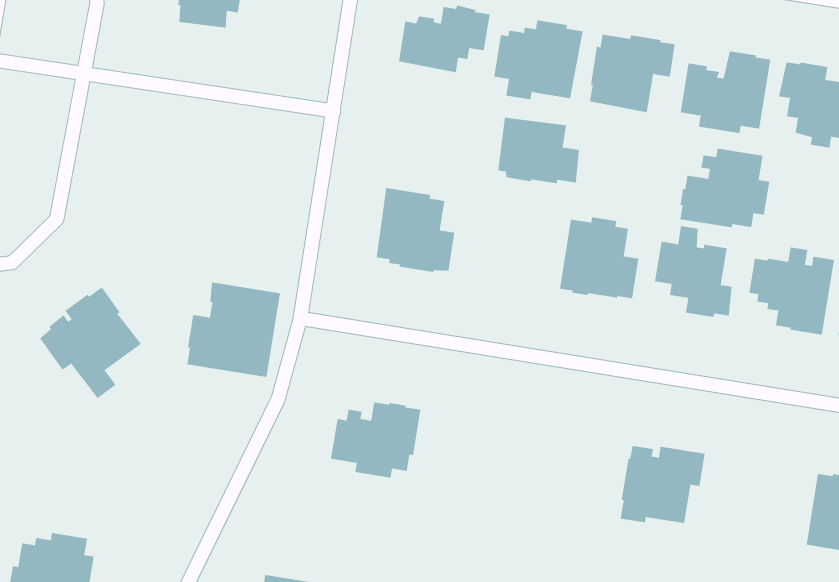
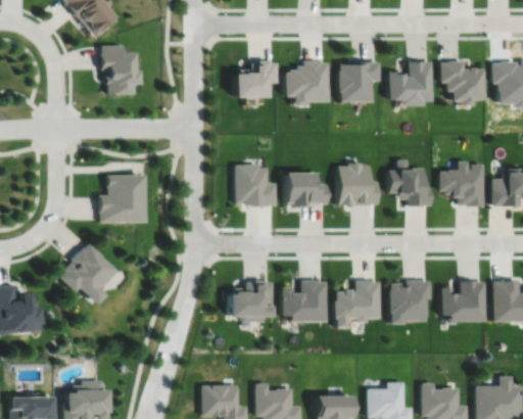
building: [498,117,580,184] -> [283,172,328,205]
building: [680,148,770,228] -> none
building: [186,282,281,377] -> [98,175,144,222]
building: none -> [282,281,327,322]
building: none -> [334,281,380,328]
building: none -> [442,281,486,322]

